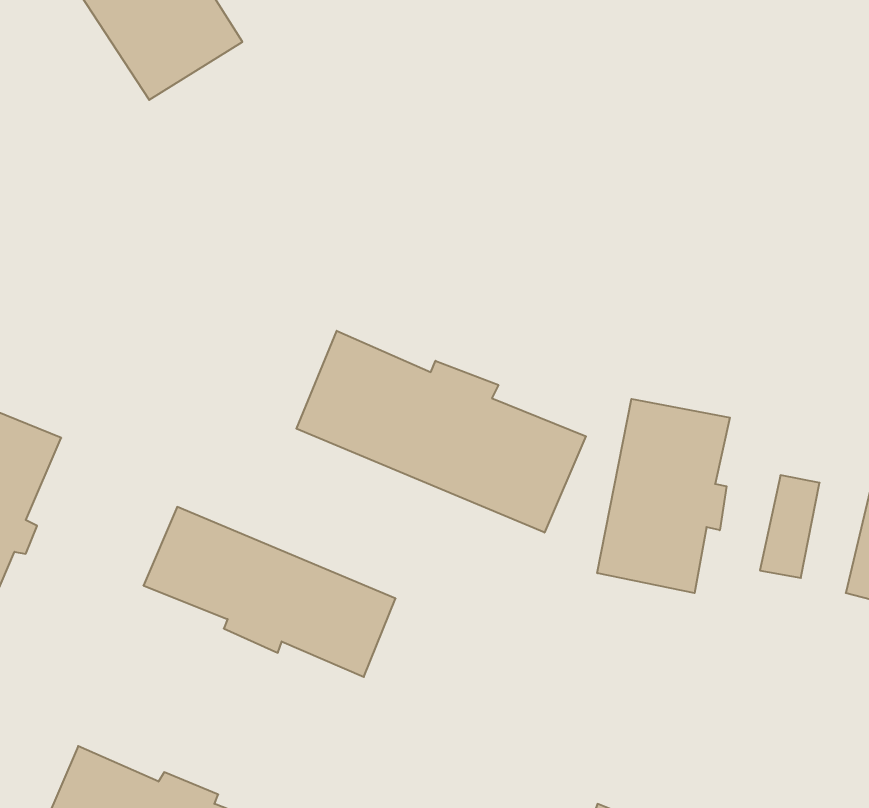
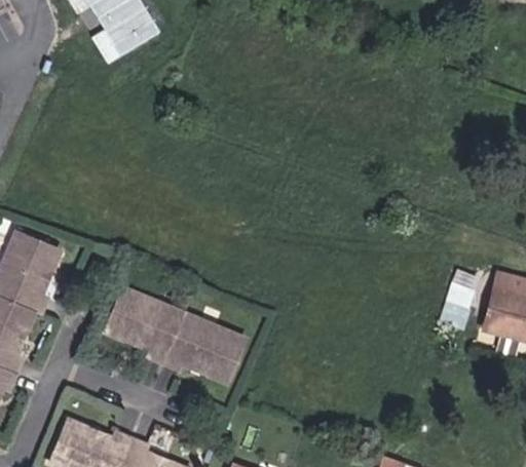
building: [296,331,586,533] -> none
building: [597,399,730,593] -> none

